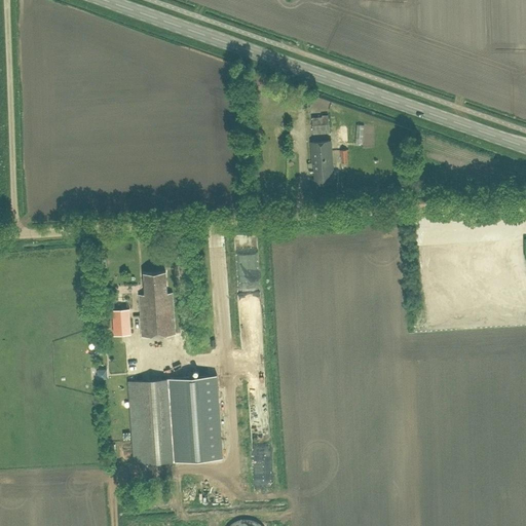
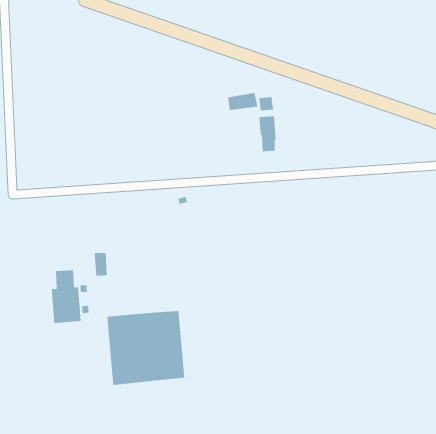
building: none -> [228,92,258,111]
building: [139,273,176,338] -> [51,270,82,324]

